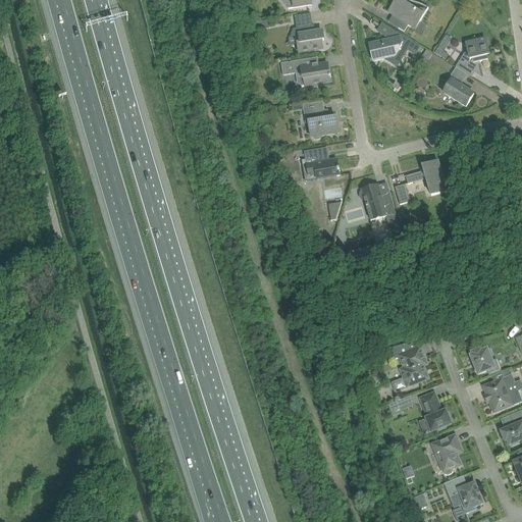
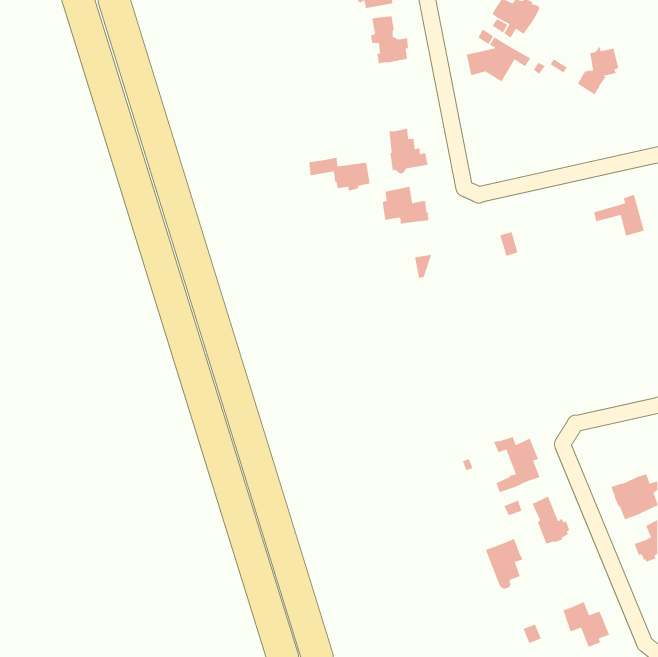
building: [281,58,330,86] -> [309,157,371,192]
building: [442,66,473,105] -> none
building: [405,160,446,194] -> [593,194,645,236]
building: [359,184,400,231] -> none
building: [470,348,499,372] -> none
building: [431,433,462,474] -> [485,538,523,589]

